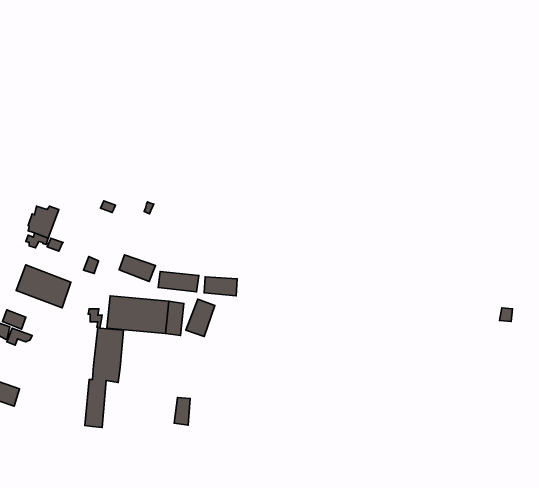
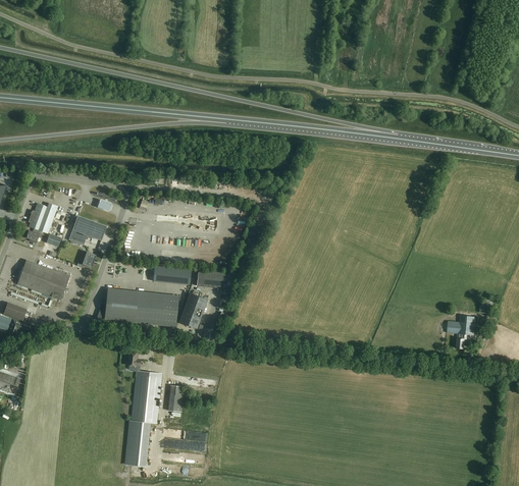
building: [119,255,155,282] -> [72,216,107,241]
building: [85,309,123,427] -> [124,354,161,467]
building: none -> [447,316,475,348]

